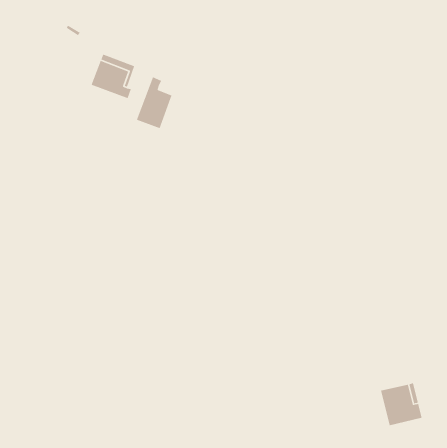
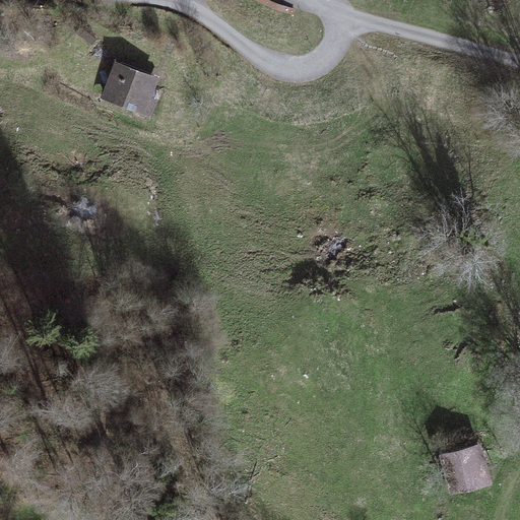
building: [136,76,173,129] -> none

